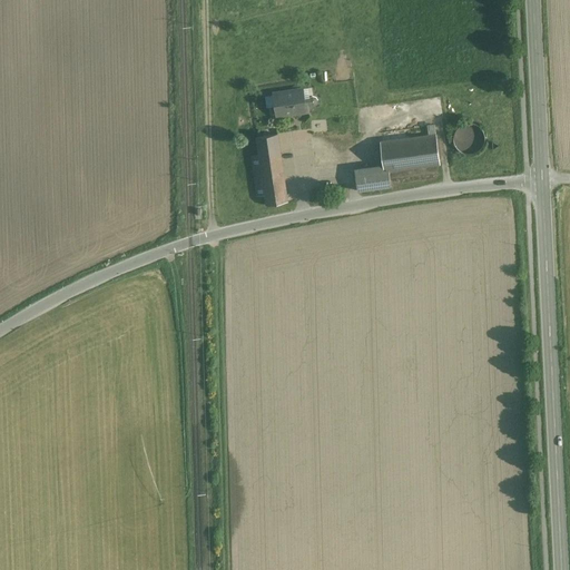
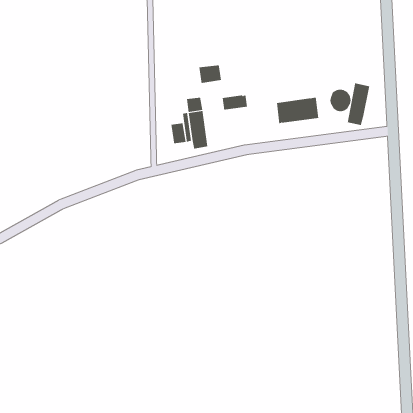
building: none -> [347,83,370,126]
building: none -> [171,122,186,144]
building: [354,169,390,190] -> [222,95,248,110]

